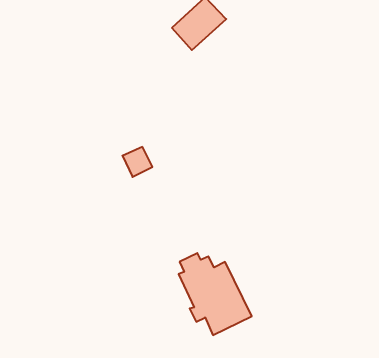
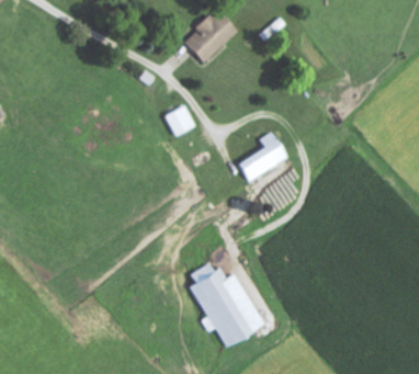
building: none -> [237,132,286,180]
building: [122,147,152,177] -> [165,106,194,136]

